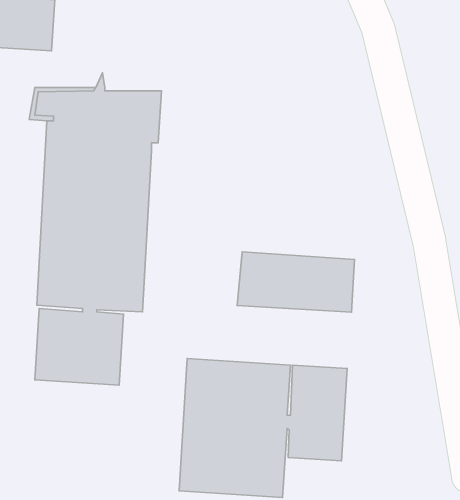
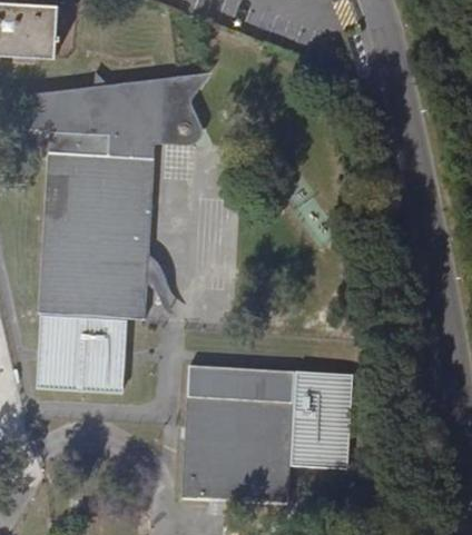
building: none -> [107,91,219,158]
building: [237,252,355,312] -> none

